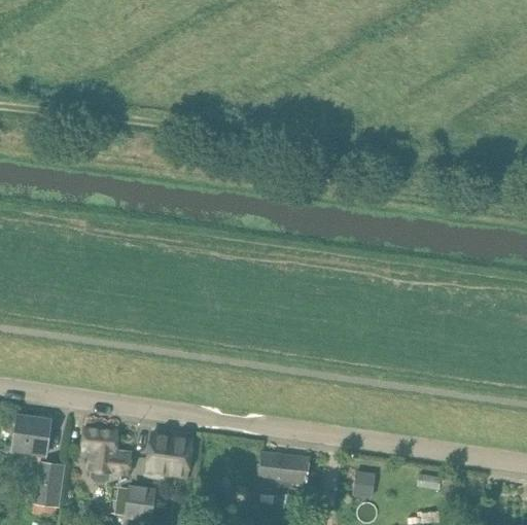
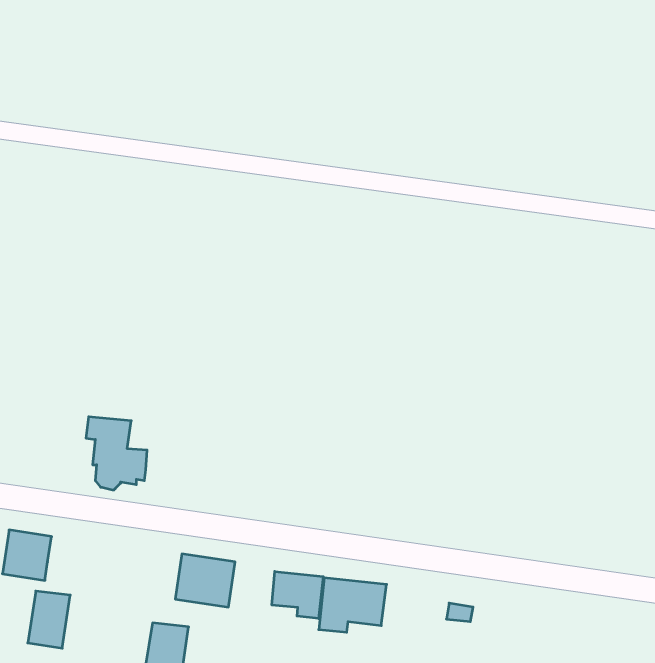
building: [82,427,130,484] -> [86,417,147,490]
building: none -> [272,571,323,619]

